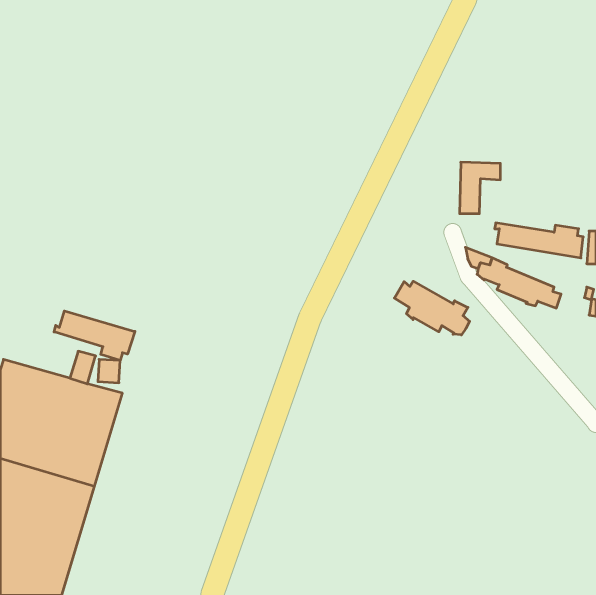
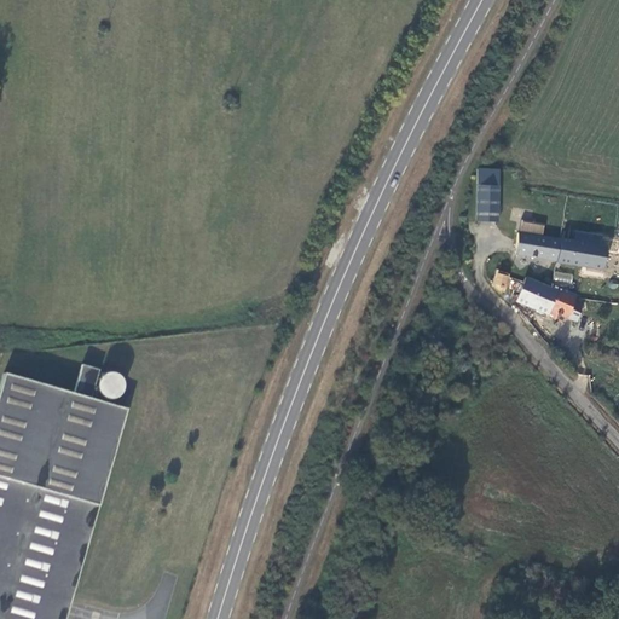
building: [394,281,470,335] -> none
building: [54,311,135,360] -> none

